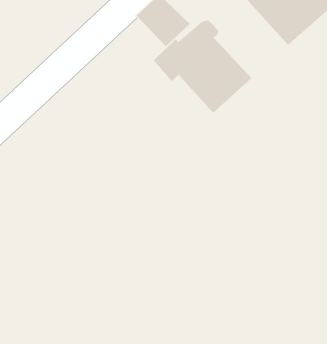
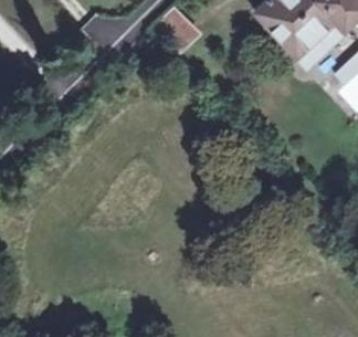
building: [153,20,252,114] -> none

